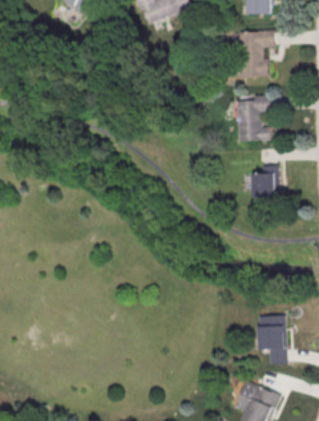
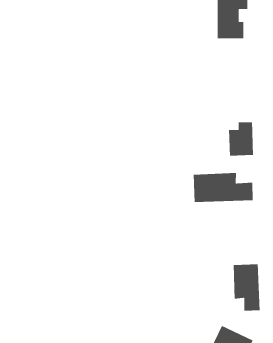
building: [239,95,272,141] -> none
building: none -> [193,172,254,203]

